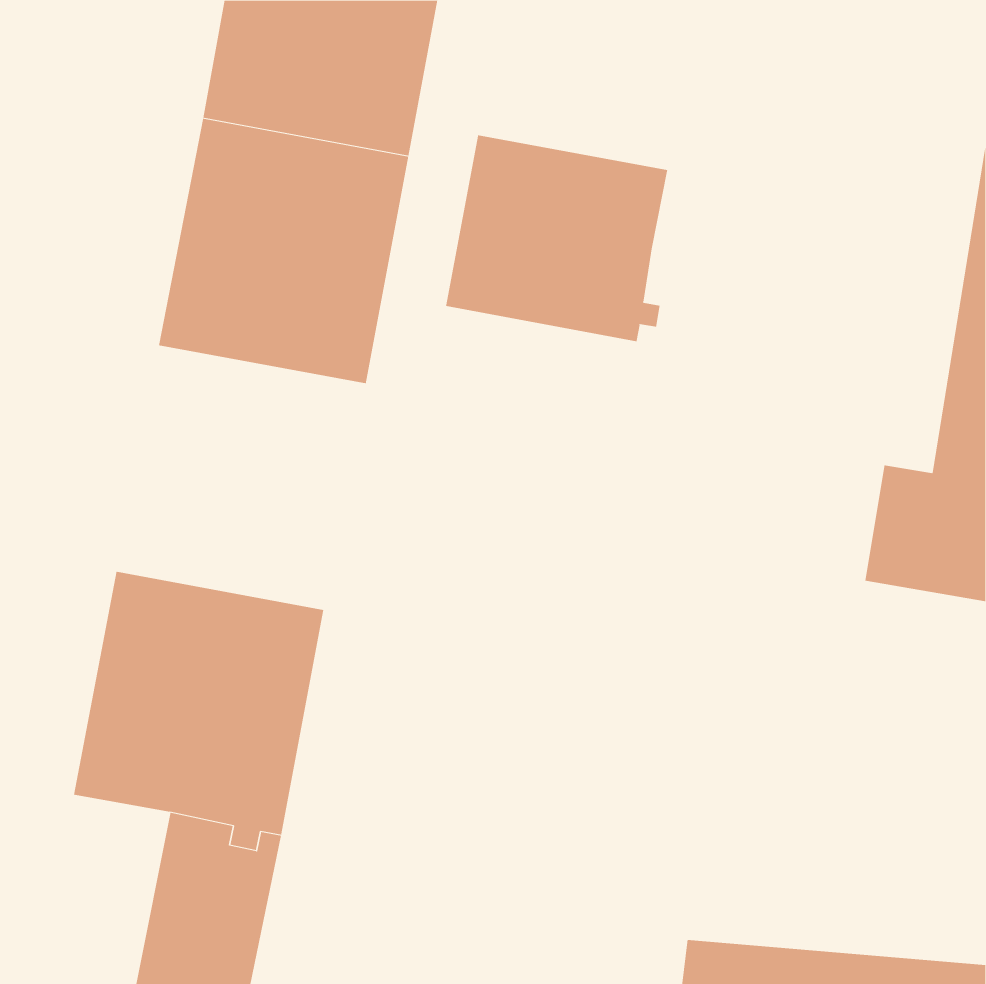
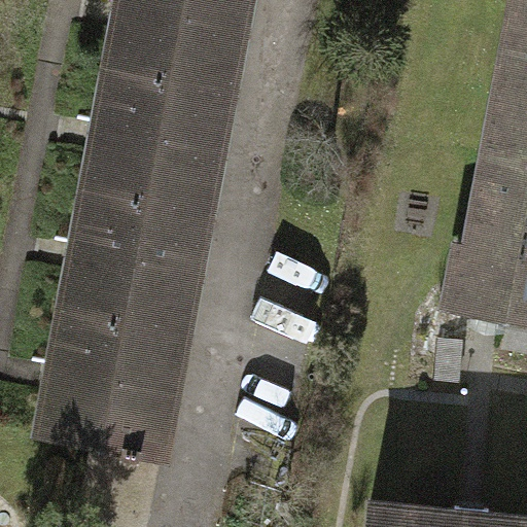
building: [445,134,668,342] -> none
building: none -> [62,185,196,326]

